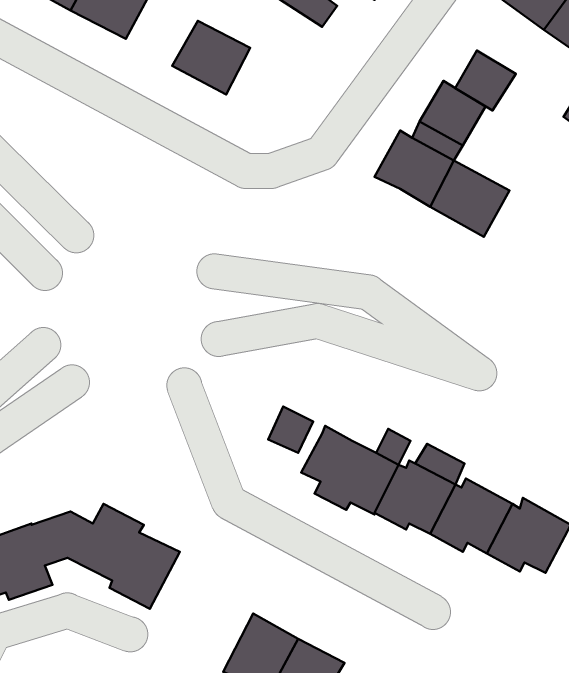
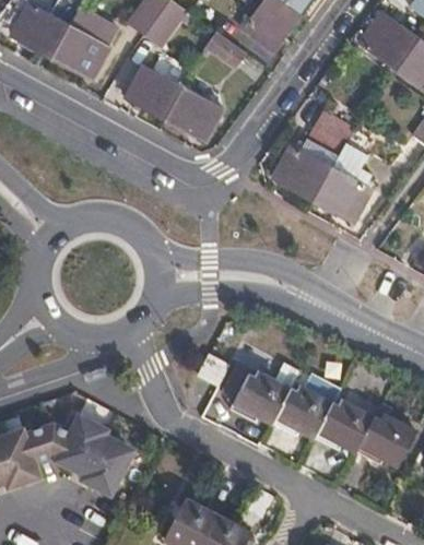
building: none -> [166,85,223,141]
building: [455,51,516,111] -> none

